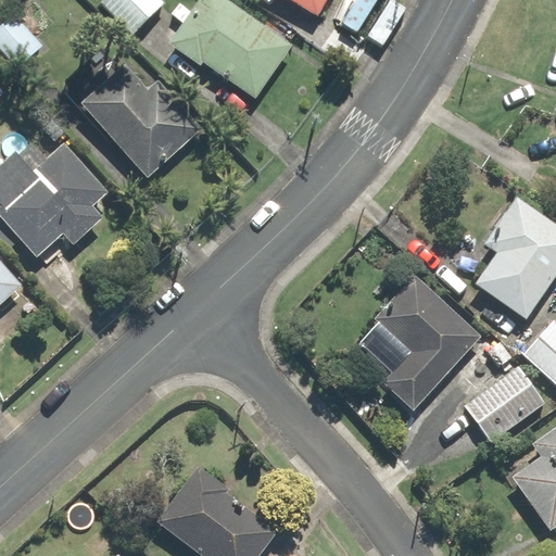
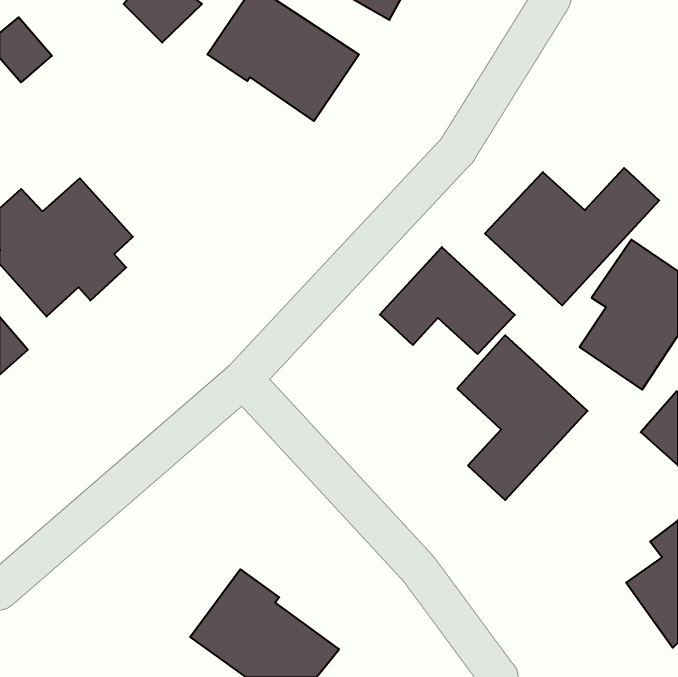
building: [83,66,202,178] -> none
building: none -> [485,168,659,305]
building: none -> [380,247,515,354]
building: [464,365,544,440] -> none

